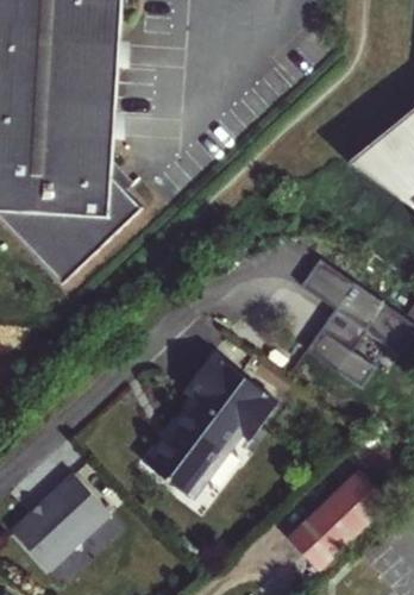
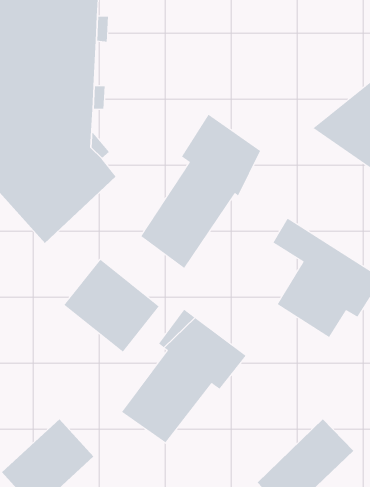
building: none -> [141,114,261,269]
building: none -> [63,259,160,353]

